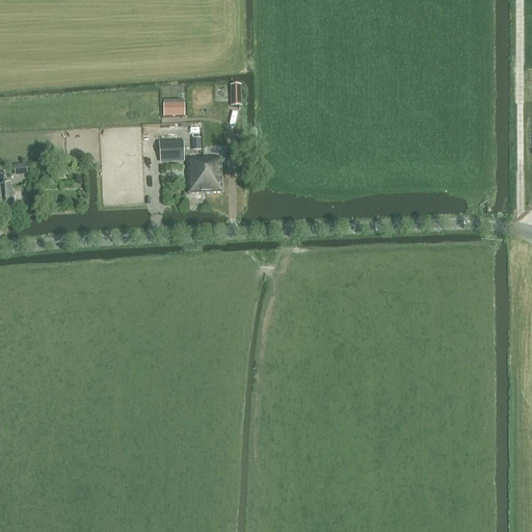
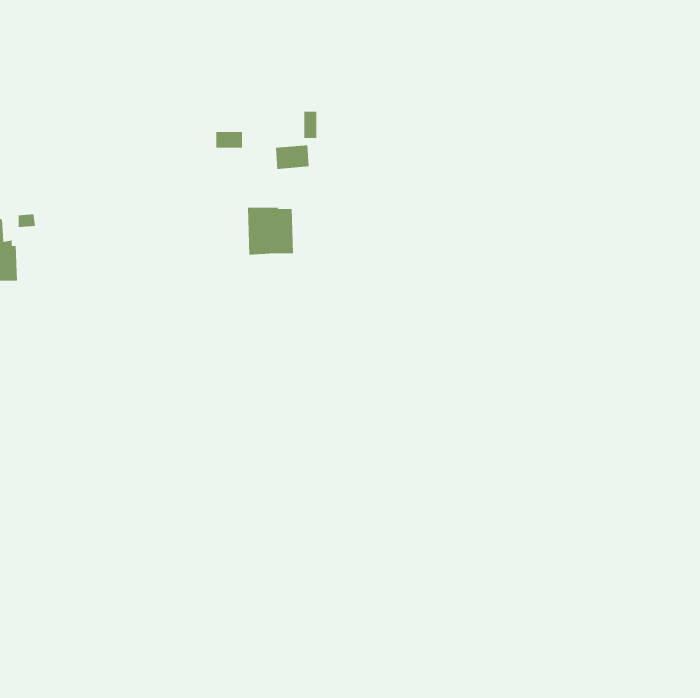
building: [158,140,184,159] -> [275,145,310,169]

